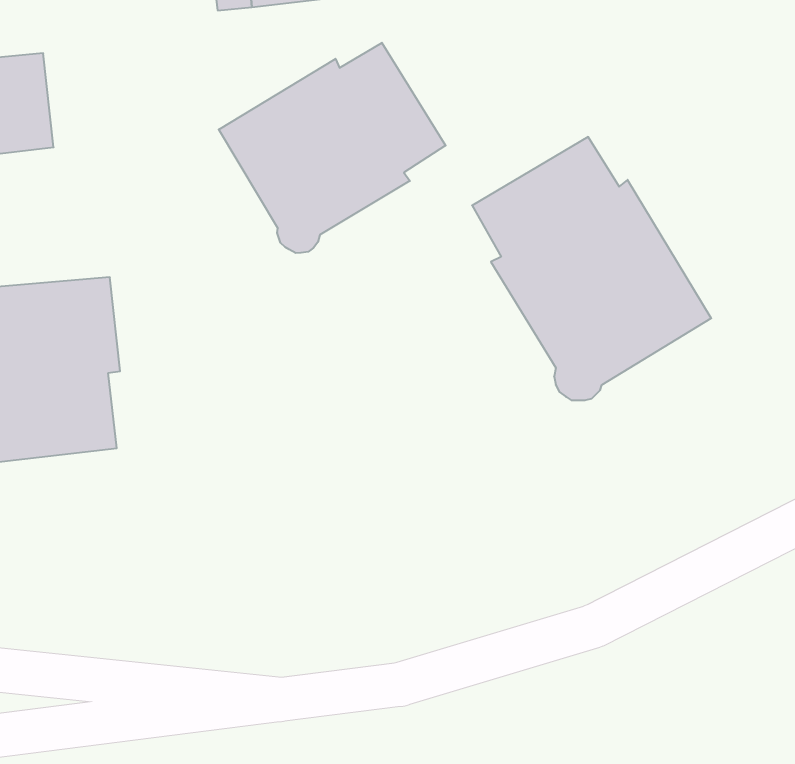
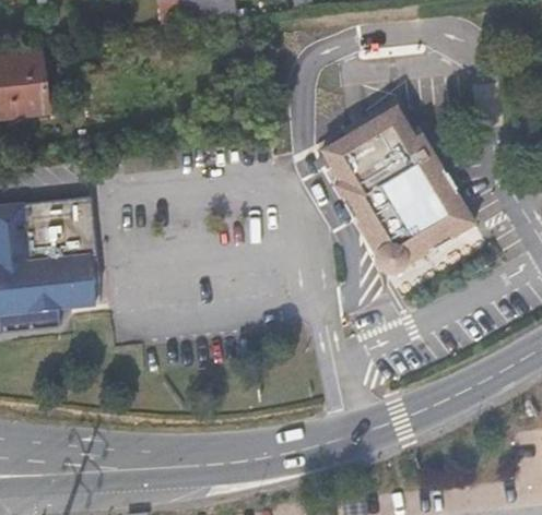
building: [219,43,446,253] -> none

